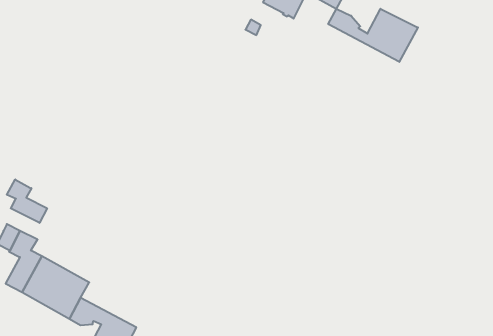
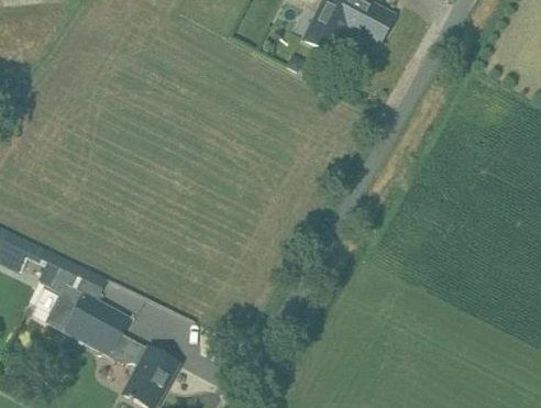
building: [328,9,418,62] -> none
building: [7,179,47,223] -> none

